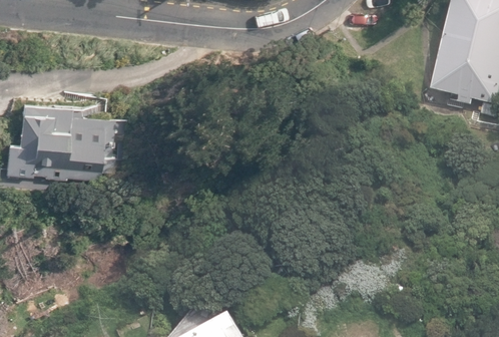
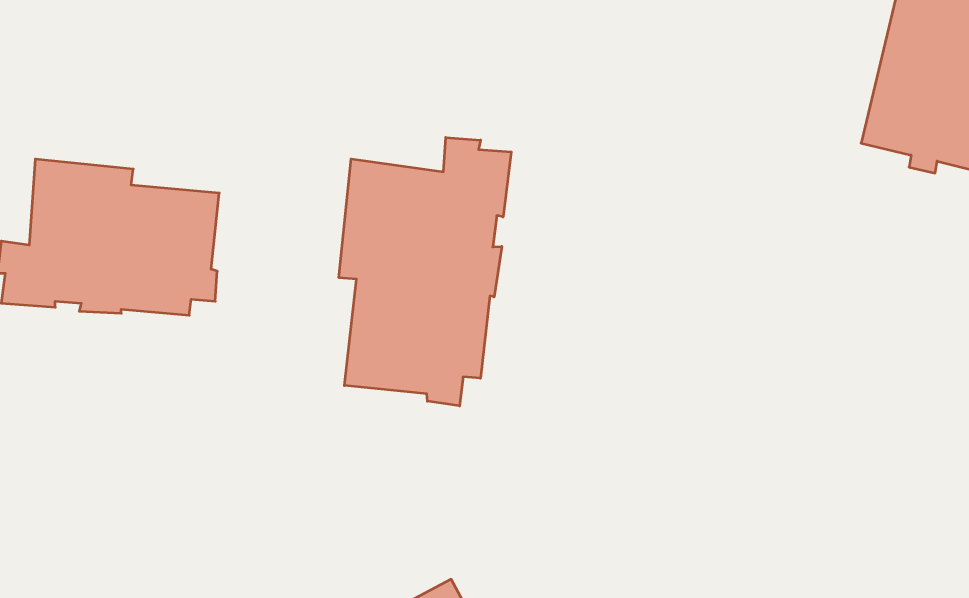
building: none -> [339,137,511,406]

